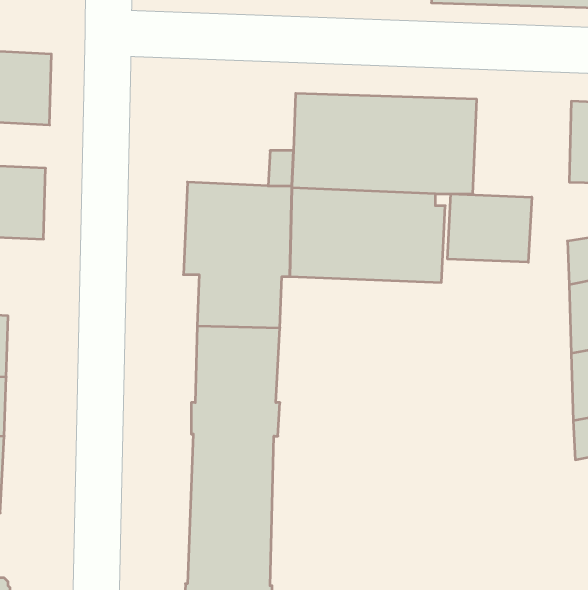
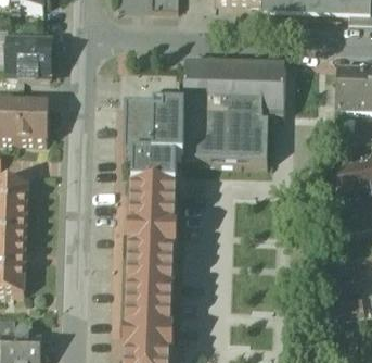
building: [448,194,532,262] -> none

